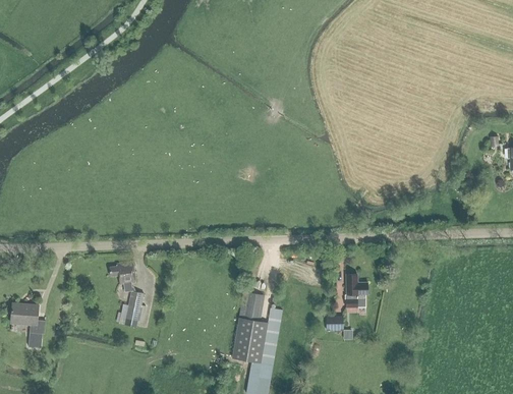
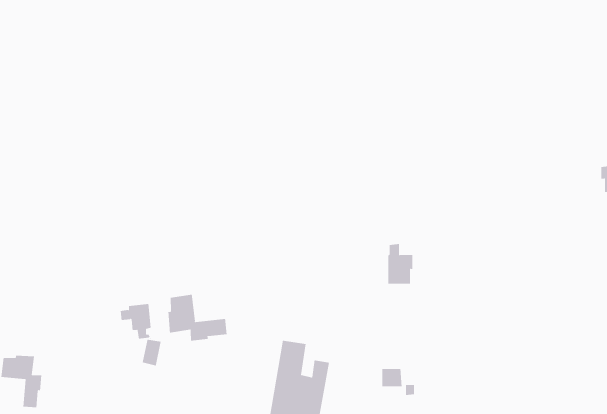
building: none -> [168,294,227,341]
building: [346,274,367,307] -> [387,244,413,284]

